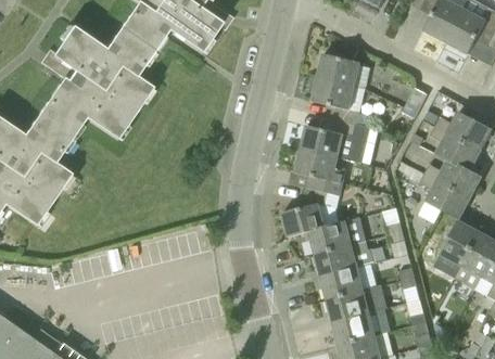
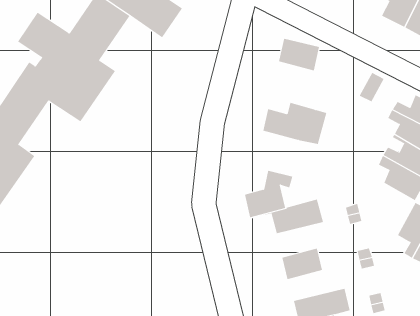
building: [313,77,359,126] -> none
building: [296,148,342,195] -> none
building: [316,241,376,277] -> none
building: [327,285,386,321] -> none

